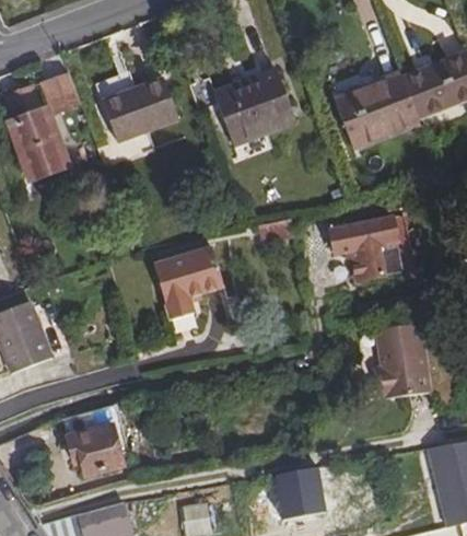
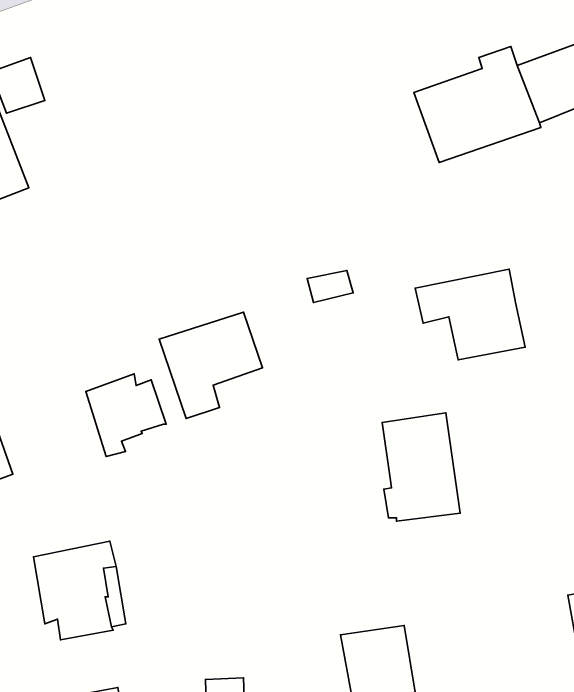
building: [185,72,288,141] -> none
building: [94,80,170,140] -> none
building: none -> [86,374,166,457]
building: [376,326,430,400] -> [382,413,460,521]

